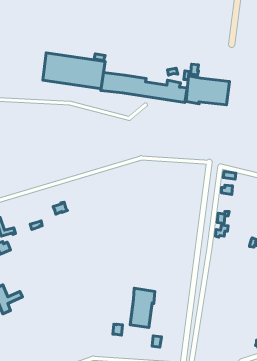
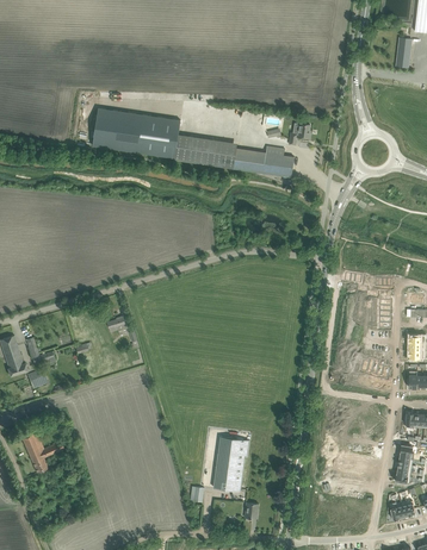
building: [186,76,230,105] -> none

